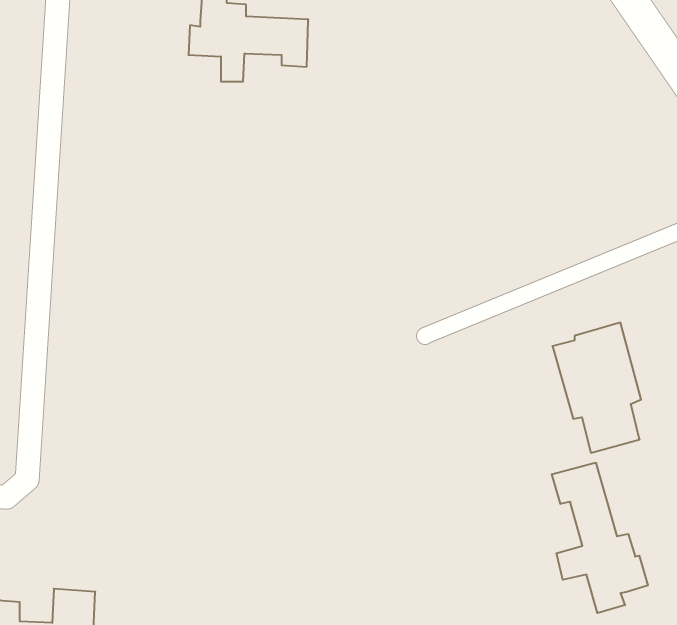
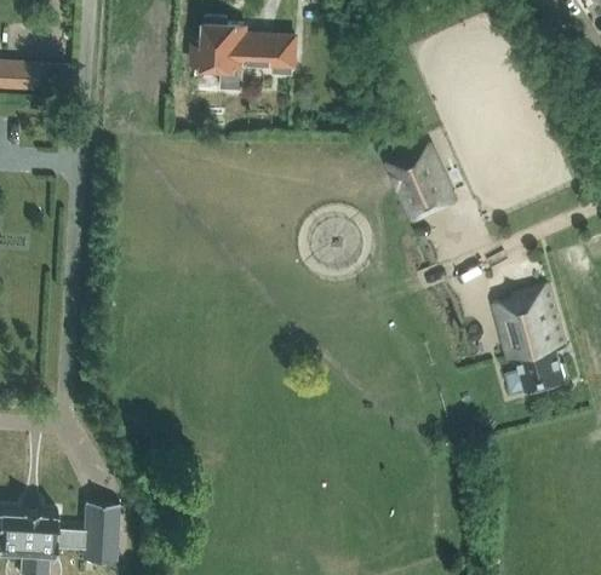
building: none -> [385,145,456,222]
building: [552,463,648,613] -> none

